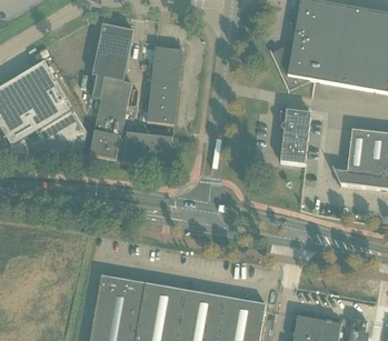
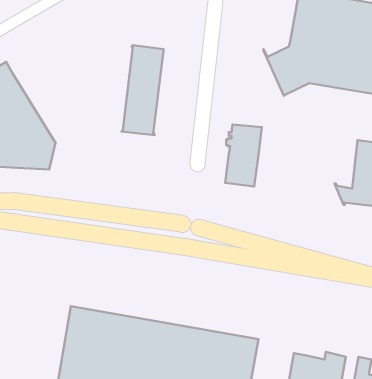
building: [89,24,173,167] -> none
building: [280,110,312,164] -> [225,125,262,187]

